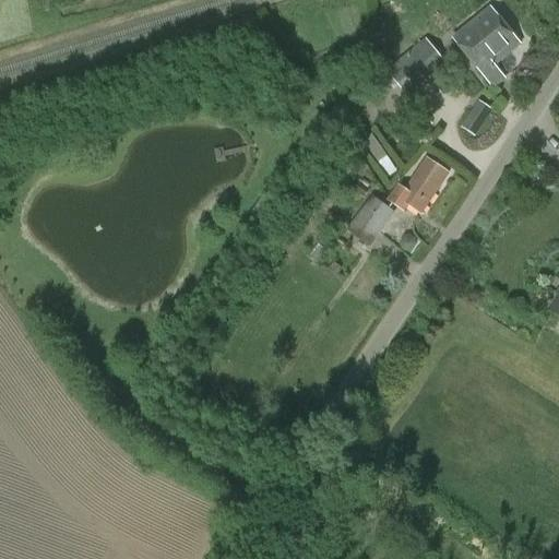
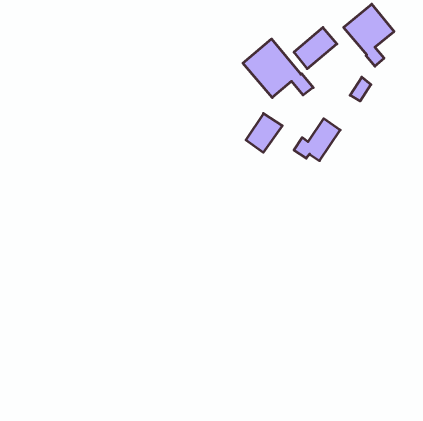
building: none -> [243,39,313,98]
building: [347,193,395,245] -> [246,113,282,152]

